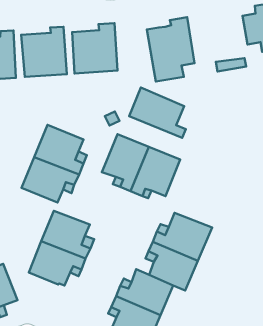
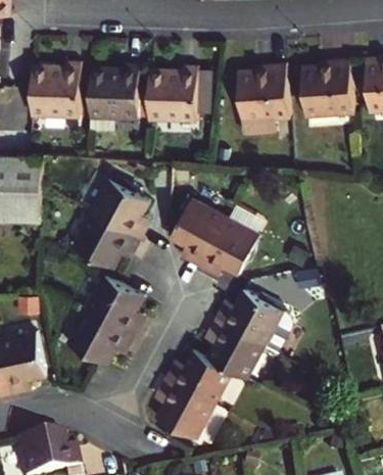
building: none -> [301,61,352,118]
building: [129,87,186,138] -> none

